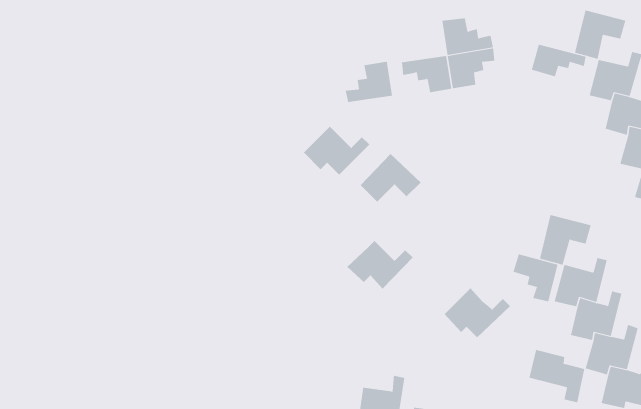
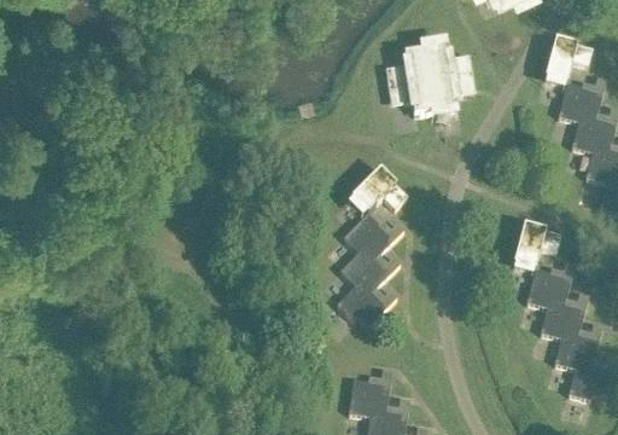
building: [531,44,586,77] -> none
building: [345,61,393,102] -> [386,48,430,86]
building: [303,126,370,175] -> [343,213,403,257]
building: [513,253,558,302] -> none
building: [444,287,511,338] -> [337,279,397,325]
building: [529,349,585,403] -> none

